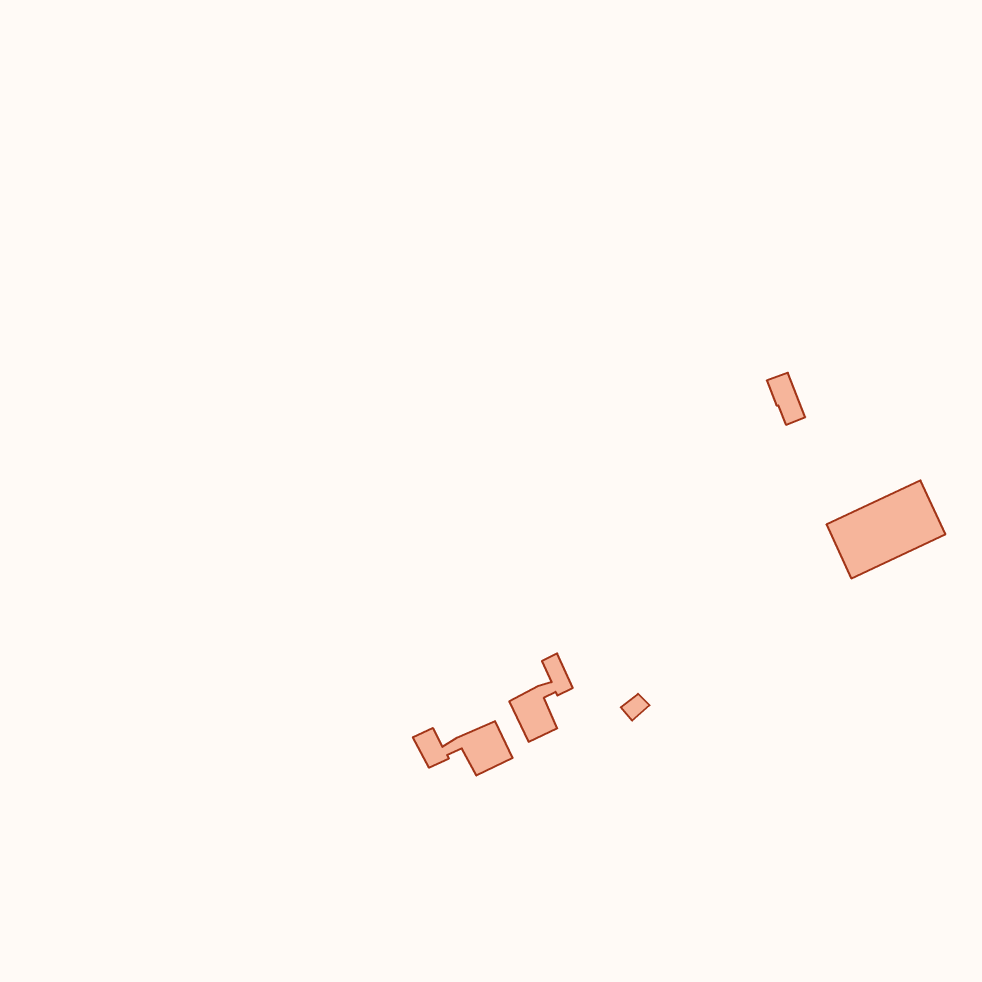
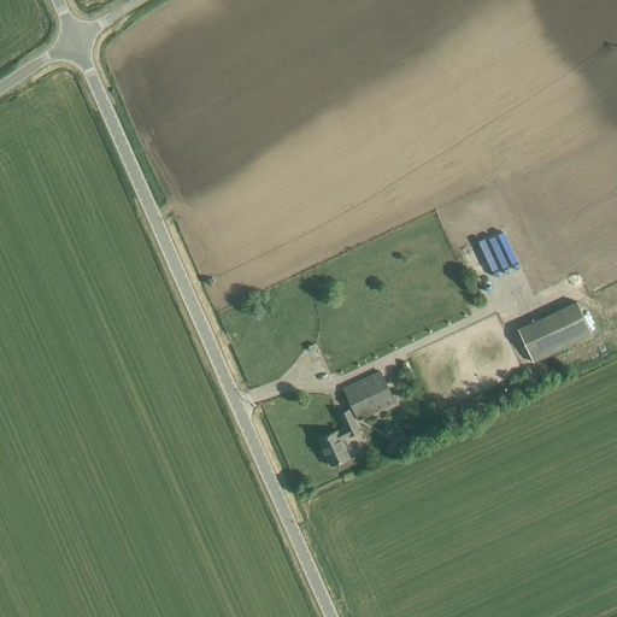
building: none -> [343,370,395,421]
building: [413,721,513,776] -> none

